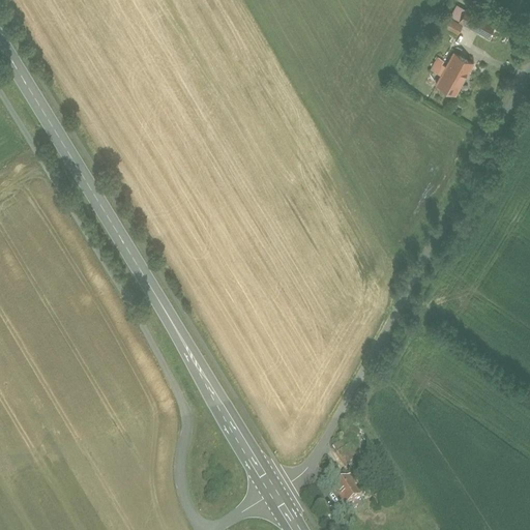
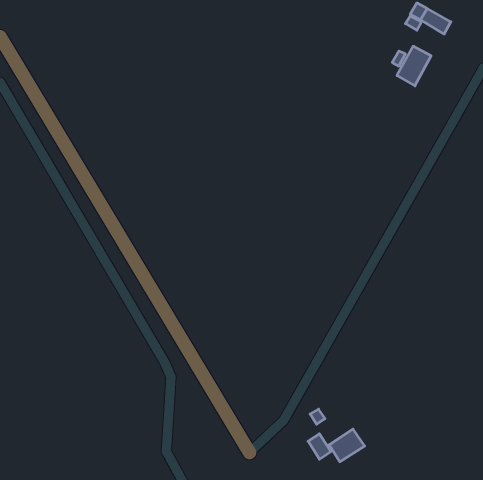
building: none -> [329,429,365,462]

